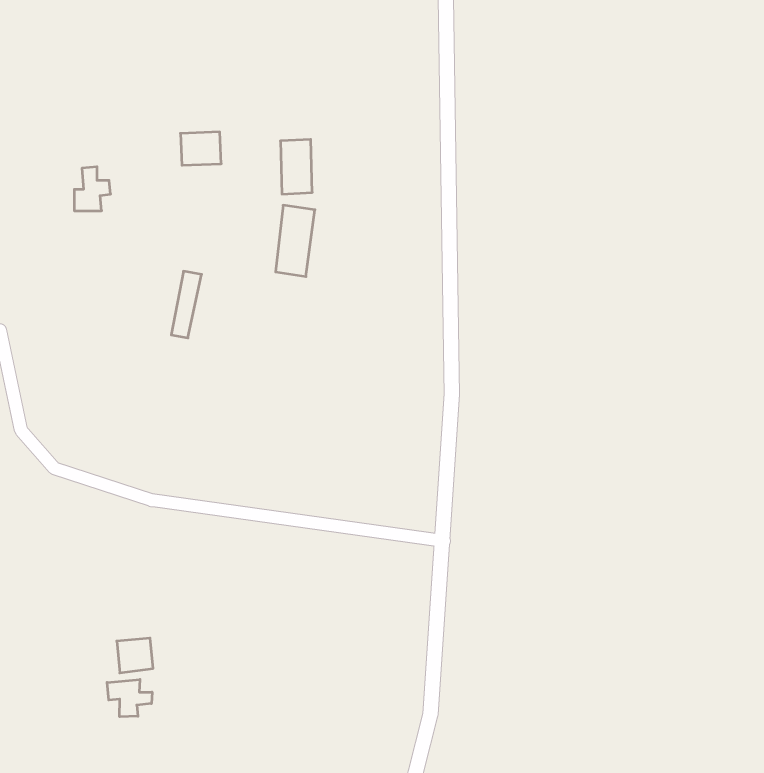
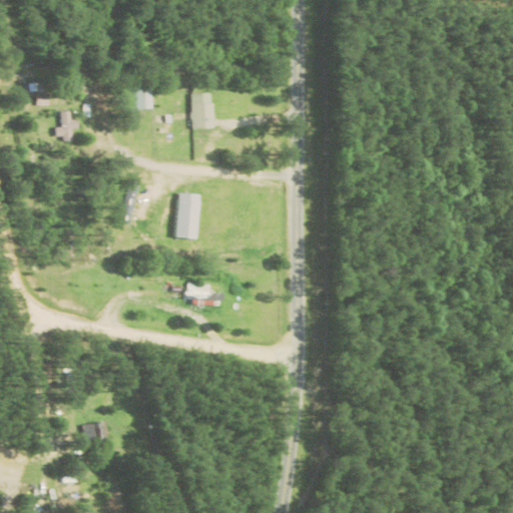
building: [276,205,315,277] -> [174,192,200,239]
building: none -> [189,283,223,299]
building: [107,679,152,717] -> none

